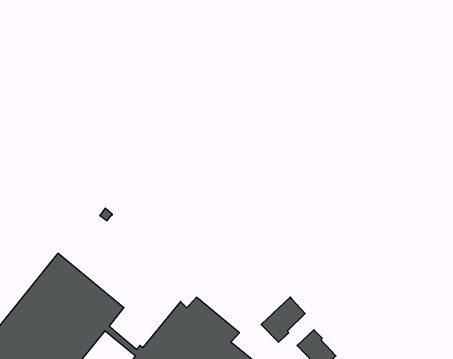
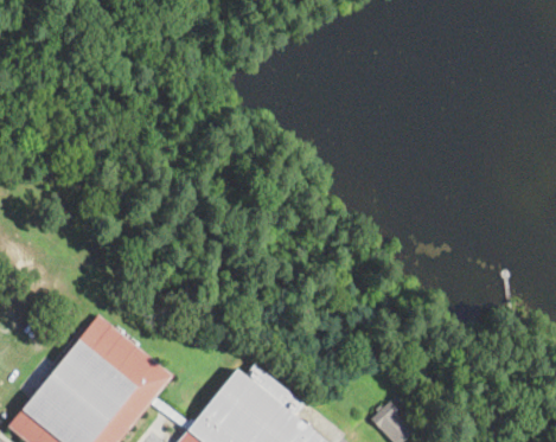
building: [261,297,305,342] -> none

